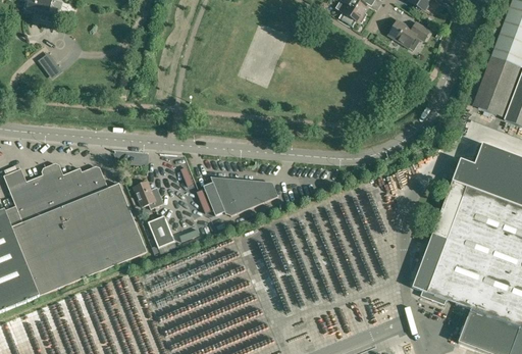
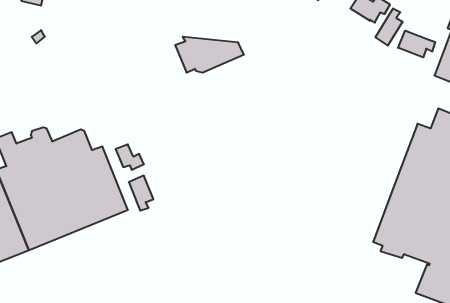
building: none -> [375,8,403,46]
building: none -> [398,31,435,57]
building: [203,175,277,214] -> [175,37,244,73]

